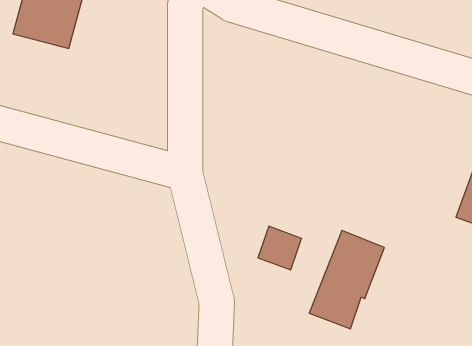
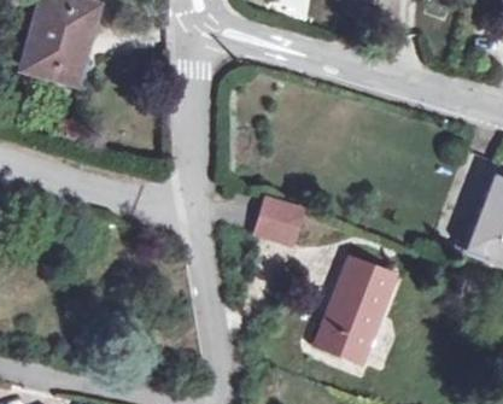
building: [258,226,302,270] -> [255,204,298,247]

